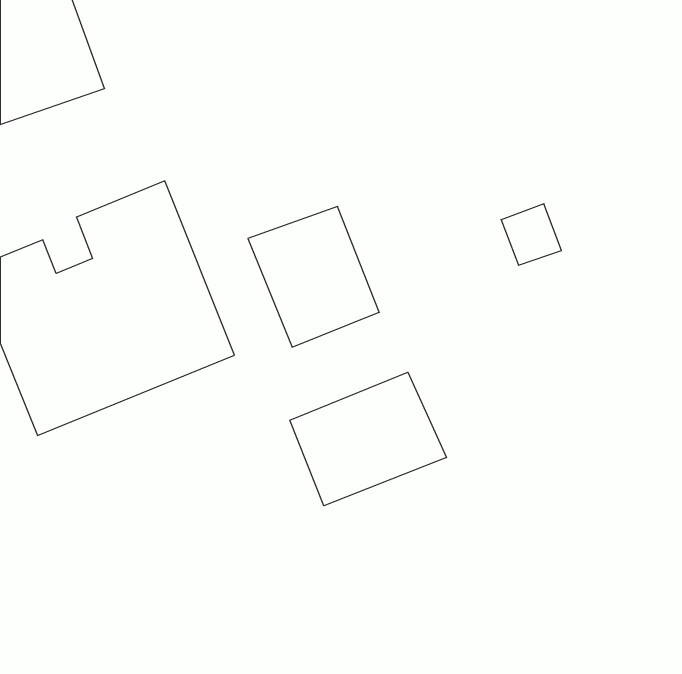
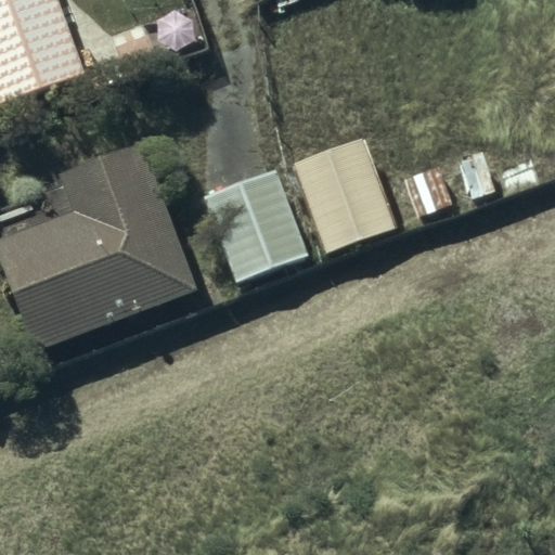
building: none -> [291,137,400,255]
building: [290,372,446,506] -> none

